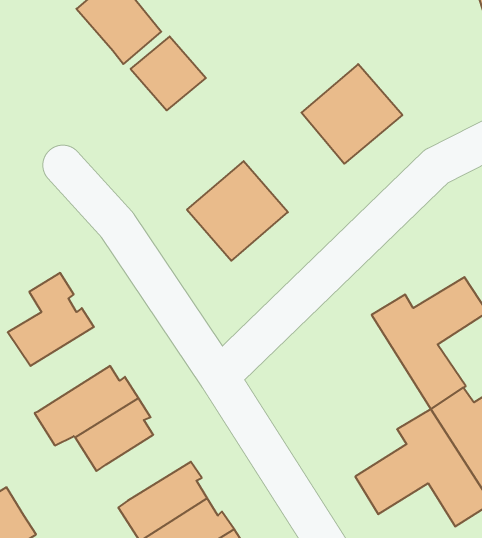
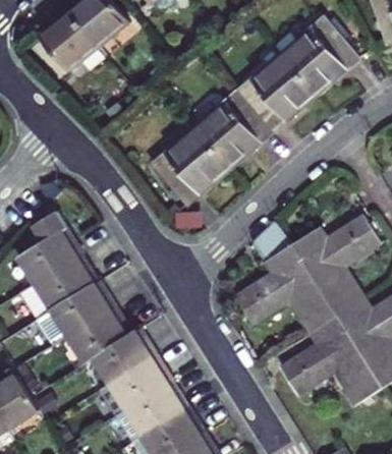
building: none -> [282,18,358,94]
building: [131,36,206,110] -> [40,13,97,69]
building: none -> [195,92,272,167]
building: none -> [235,219,337,332]
building: none -> [19,253,95,320]
building: none -> [92,330,156,385]

